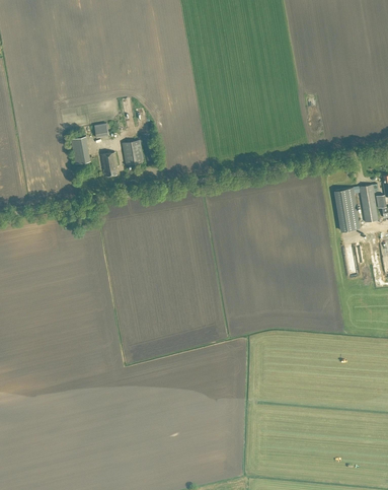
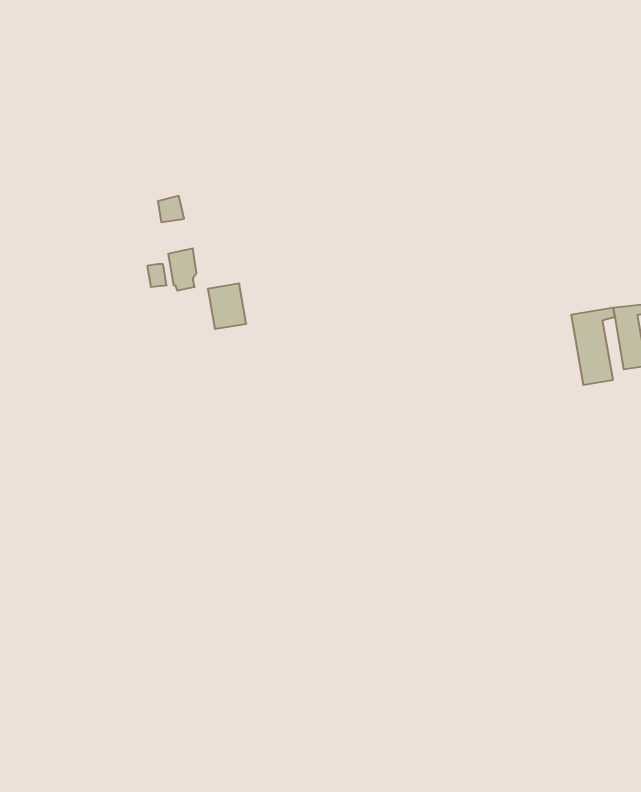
building: [71,135,90,163] -> none
building: [122,140,144,166] -> [208,283,246,329]

